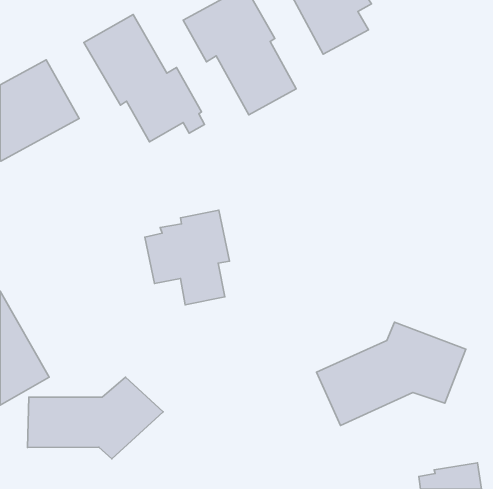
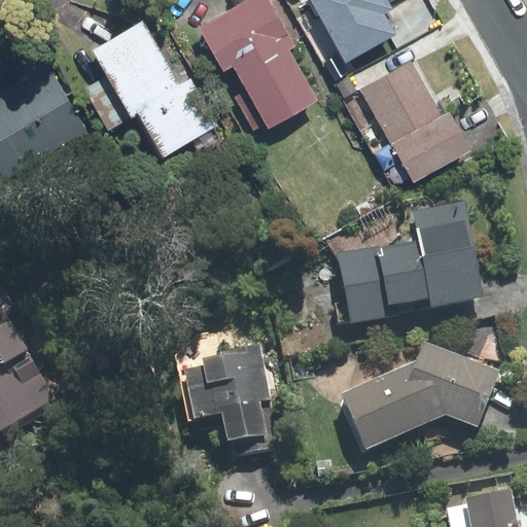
building: none -> [358,57,467,176]
building: none -> [335,205,480,326]
building: [145,210,230,305] -> [181,344,272,445]
building: [27,377,163,459] -> none

